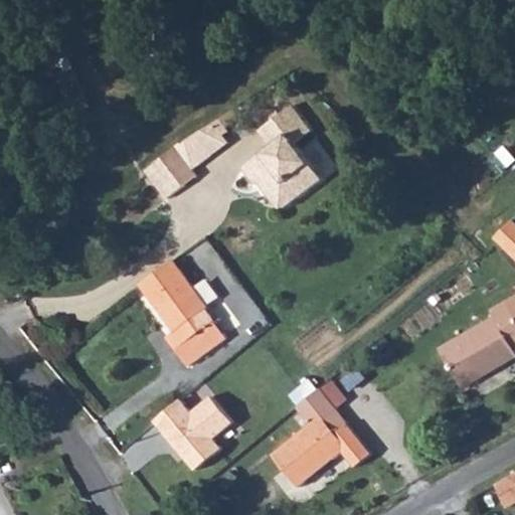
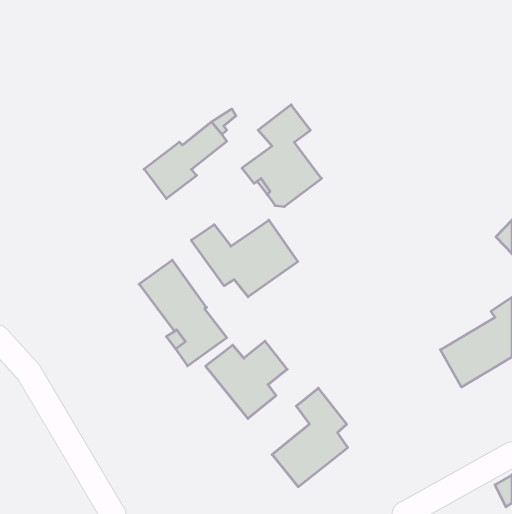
building: none -> [191,220,298,297]
building: [155,396,236,474] -> [206,341,287,419]

